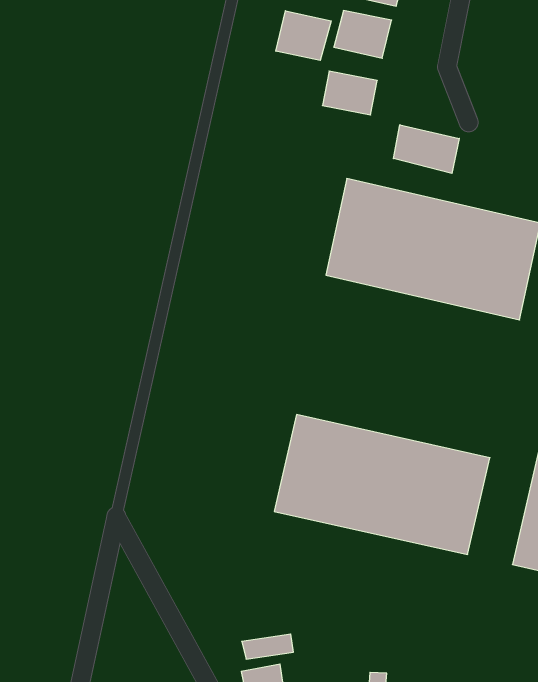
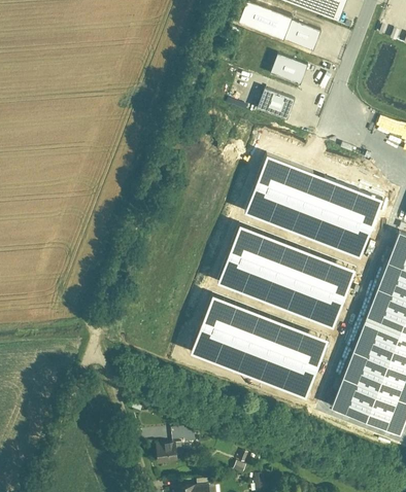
building: [276,11,331,60] -> none
building: [393,125,459,173] -> none
building: none -> [216,225,354,327]

